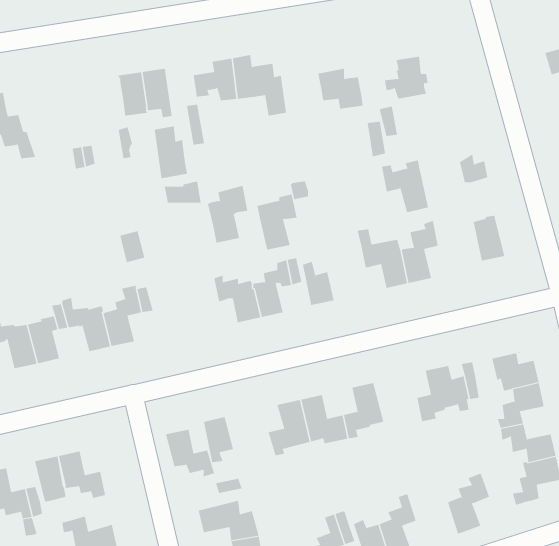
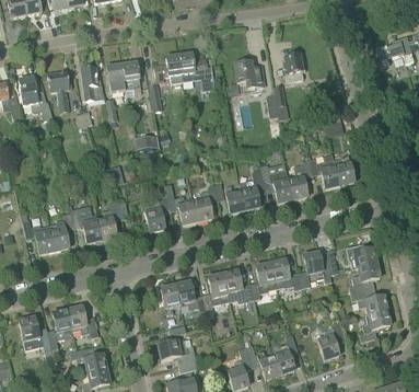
building: none -> [47,71,71,112]
building: [154,126,188,179] -> [82,67,104,101]
building: [381,160,429,213] -> [309,154,339,188]
building: [207,185,248,243] -> [144,195,171,232]
building: [256,194,297,250] -> [238,174,265,210]
building: none -> [270,260,301,289]
building: [165,429,215,477] -> [175,281,207,312]

